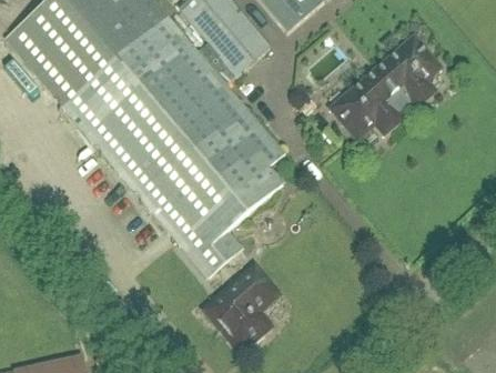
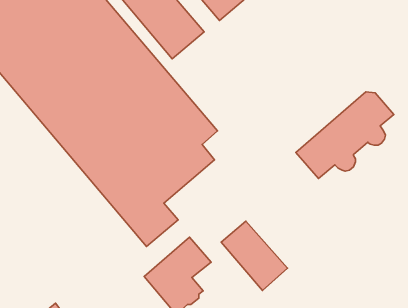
building: [333,41,438,134] -> [296,92,394,178]
building: none -> [221,221,288,290]

